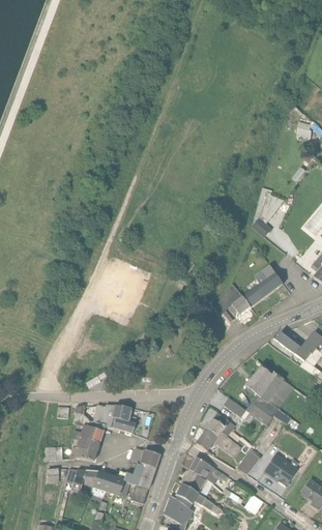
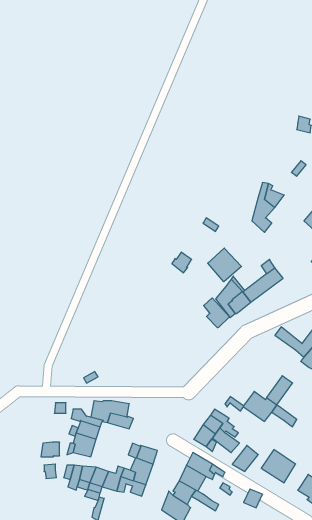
building: none -> [208,248,241,282]
building: none -> [204,298,230,328]
building: [243,365,284,403] -> none

